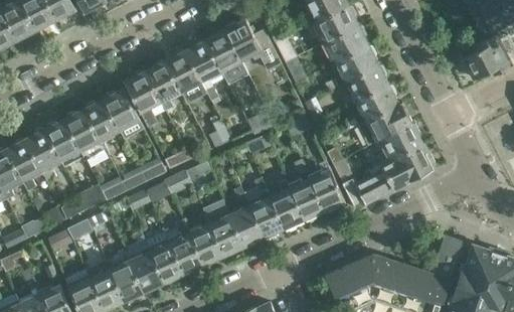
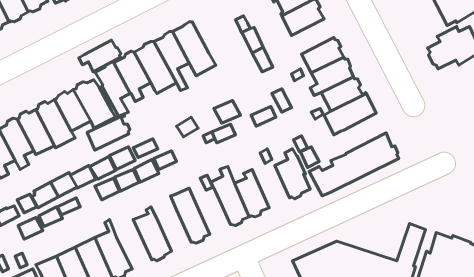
building: [223,20,280,70] -> none
building: [325,27,368,63] -> none
building: none -> [79,40,121,72]
building: [375,124,421,165] -> none
building: none -> [87,115,130,150]
building: [287,177,323,220] -> none
building: [226,204,263,248] -> none
building: [187,222,222,266] -> none
building: [143,230,182,284] -> none

